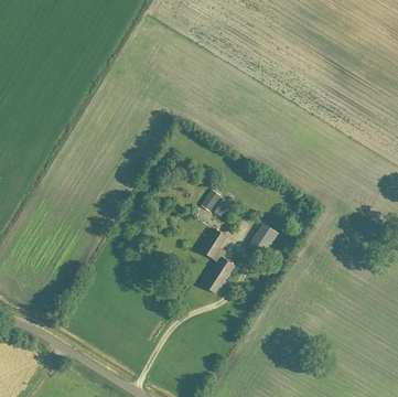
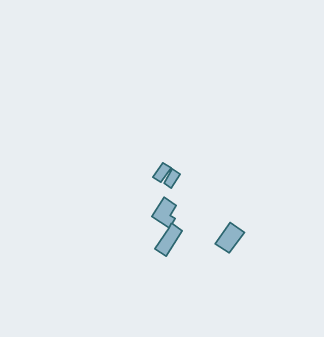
building: [246,225,278,258] -> [215,222,245,253]

